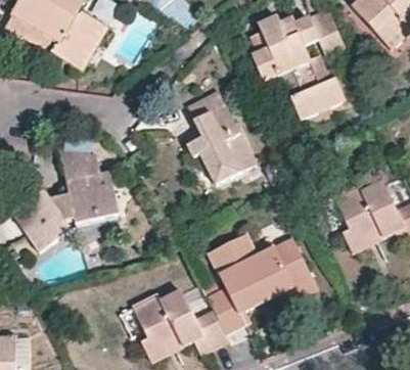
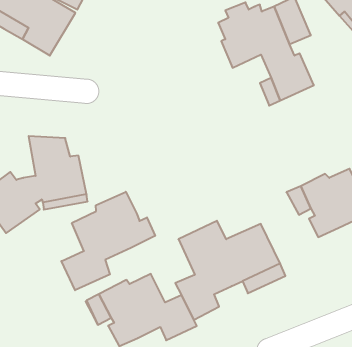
building: [185,90,255,184] -> none
building: none -> [61,192,155,290]

